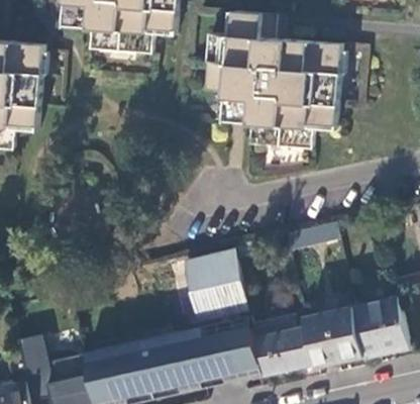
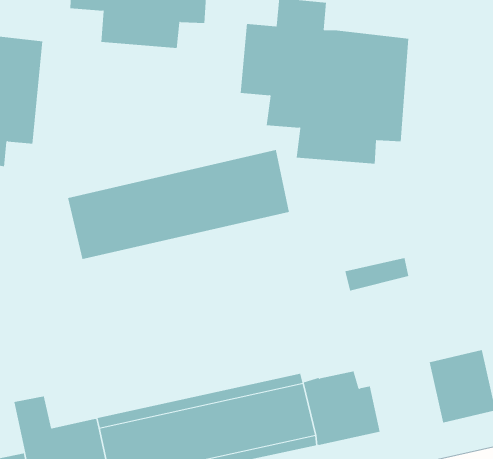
building: none -> [68,149,290,260]
building: [179,248,243,314] -> none
building: [306,306,366,366] -> none

